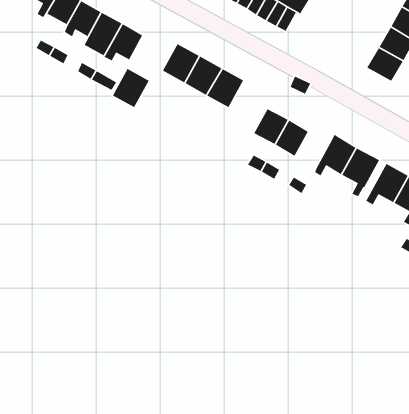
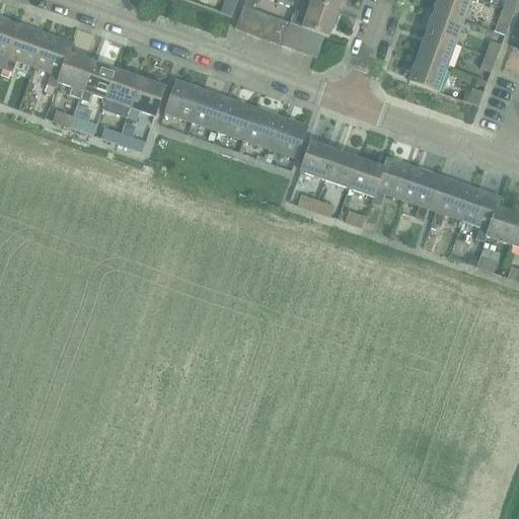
building: [112,68,150,108] -> [165,79,203,121]
building: none -> [270,116,307,157]
building: none -> [349,158,383,196]

